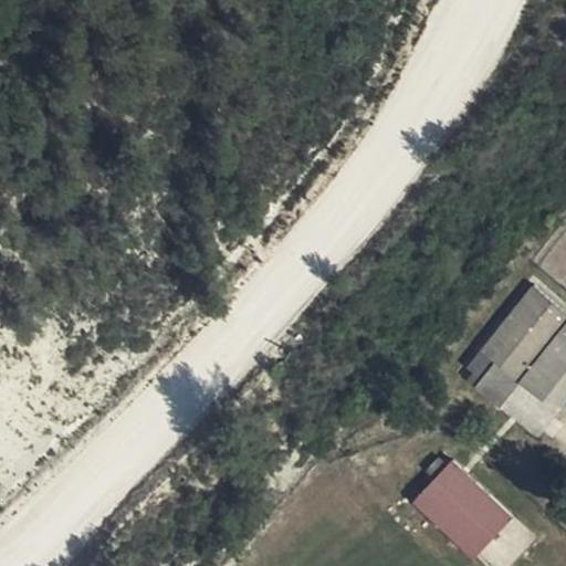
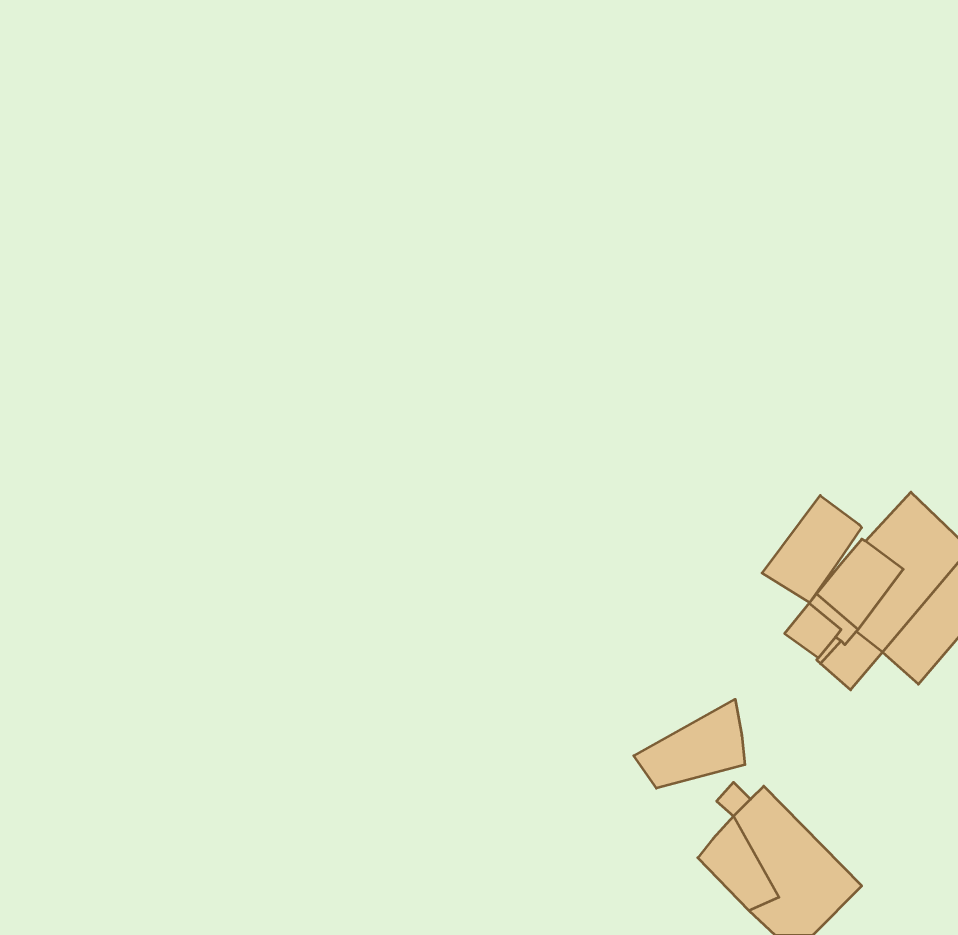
building: none -> [762,495,862,603]
building: none -> [634,699,745,788]

